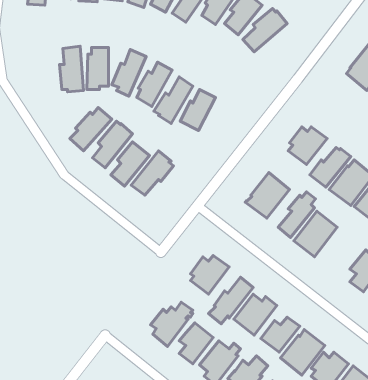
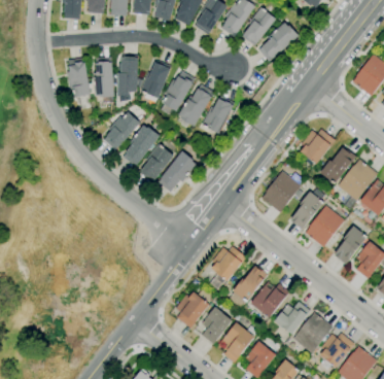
building: none -> [67,58,91,98]
building: none -> [333,227,366,265]

